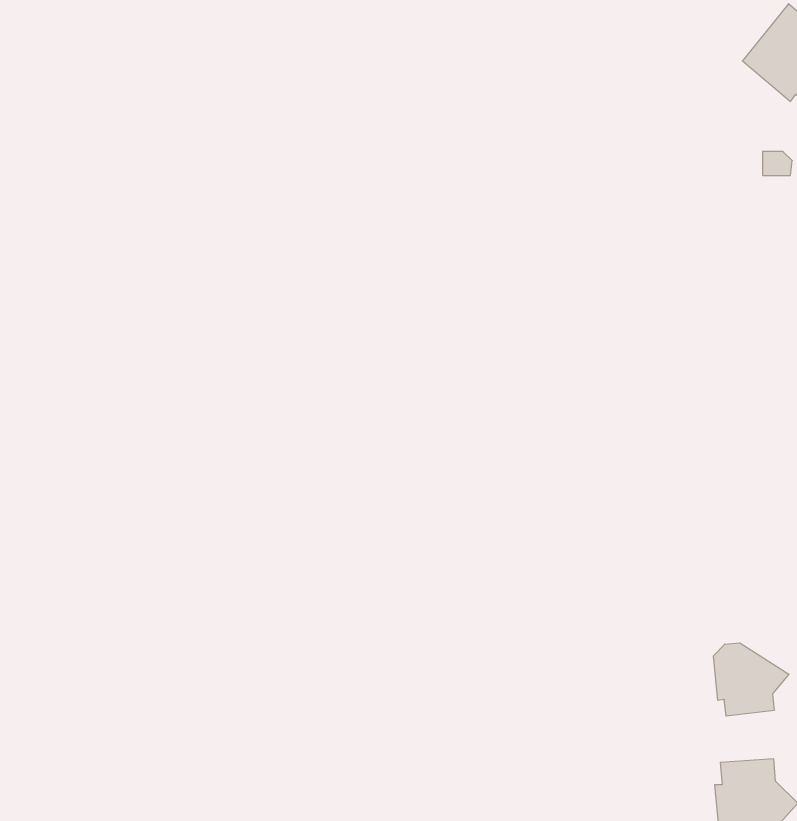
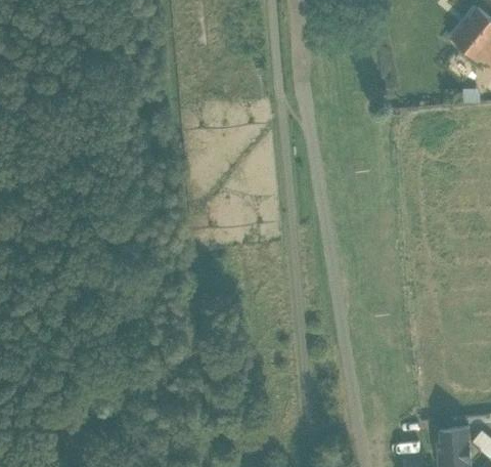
building: [714,643,789,716] -> none

